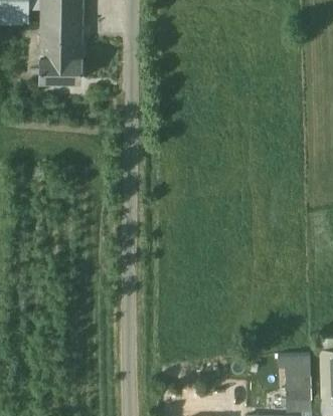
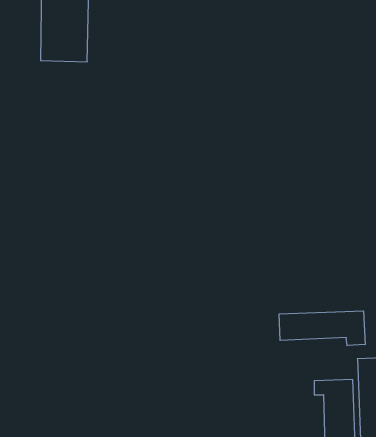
building: none -> [279,311,365,346]

